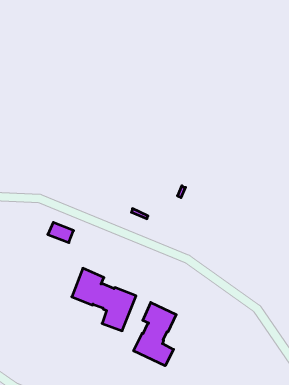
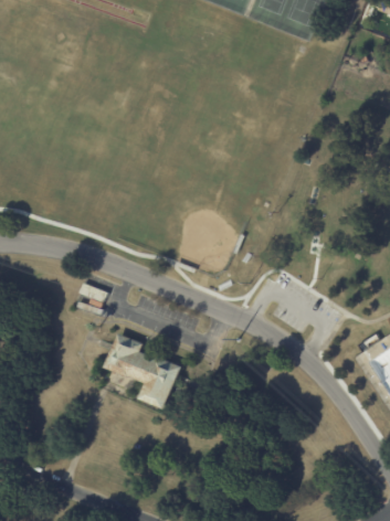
building: [134,302,176,366] -> none

